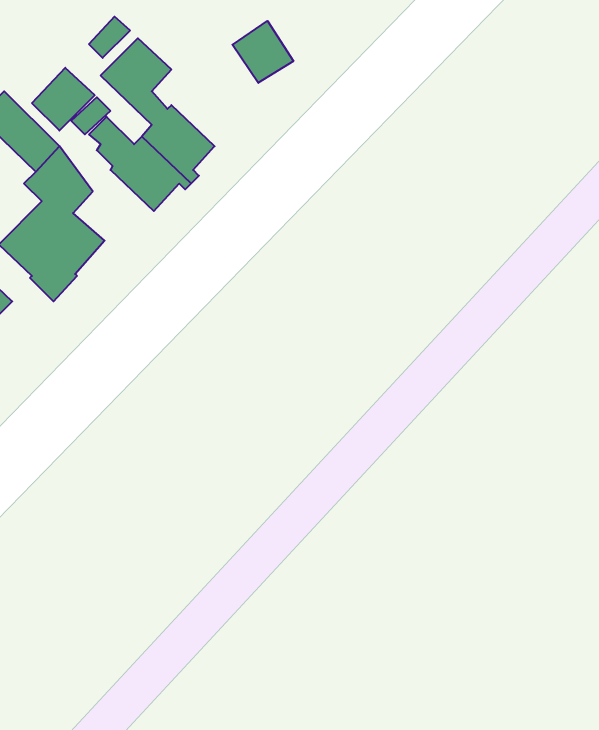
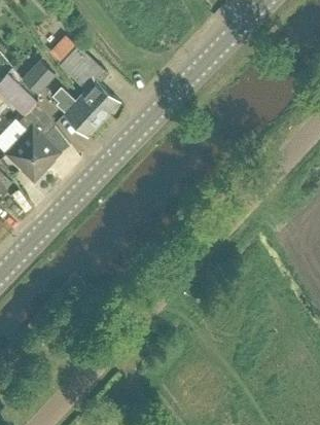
building: [232,21,293,83] -> none

